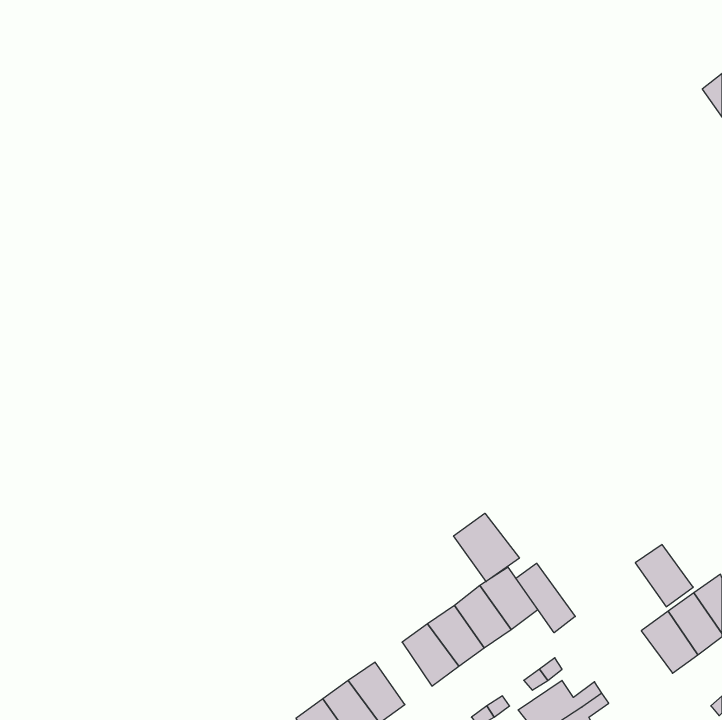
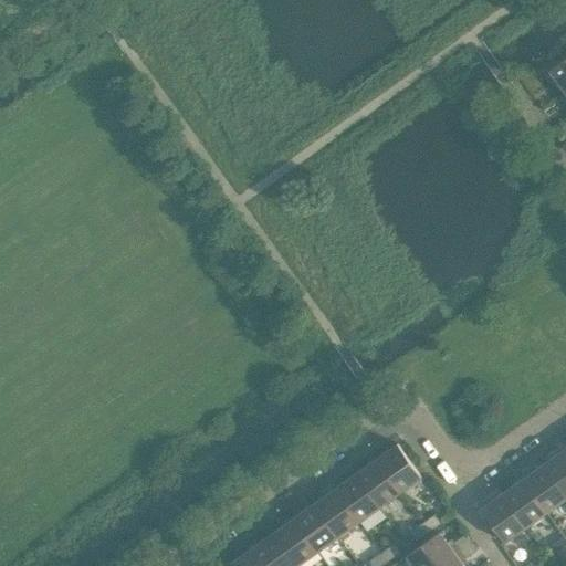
building: [454,513,519,582] -> none
building: [635,545,693,607] -> [480,495,525,544]
building: [516,563,575,633] -> none
building: none -> [293,504,337,553]

